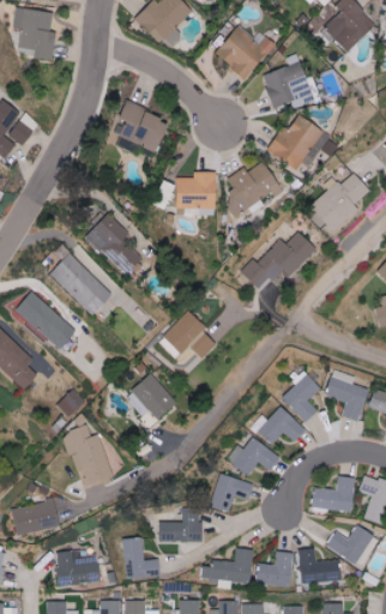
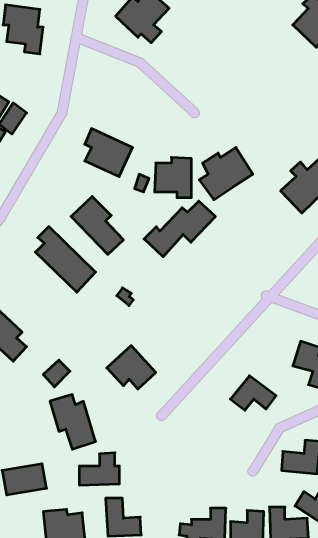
building: [213,26,275,79] -> none
building: [261,54,313,112] -> none
building: [117,101,169,152] -> [85,129,133,177]
building: [267,116,339,169] -> none
building: [239,231,315,291] -> [144,201,215,257]
building: [14,291,76,350] -> none
building: [157,311,216,360] -> none
building: [279,373,319,423] -> none
building: [228,438,279,475] -> none
building: [211,474,253,511] -> none
building: [159,507,203,542] -> [79,453,119,485]

